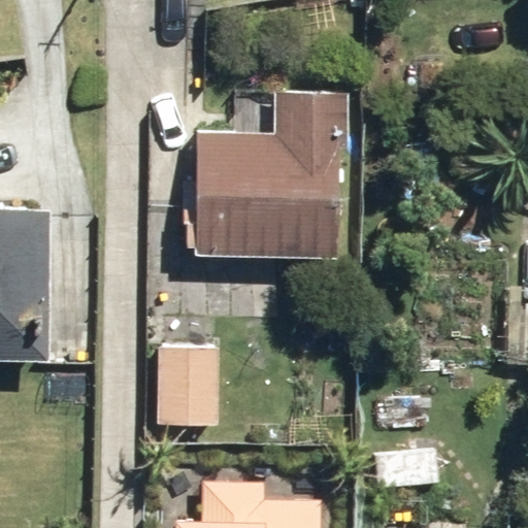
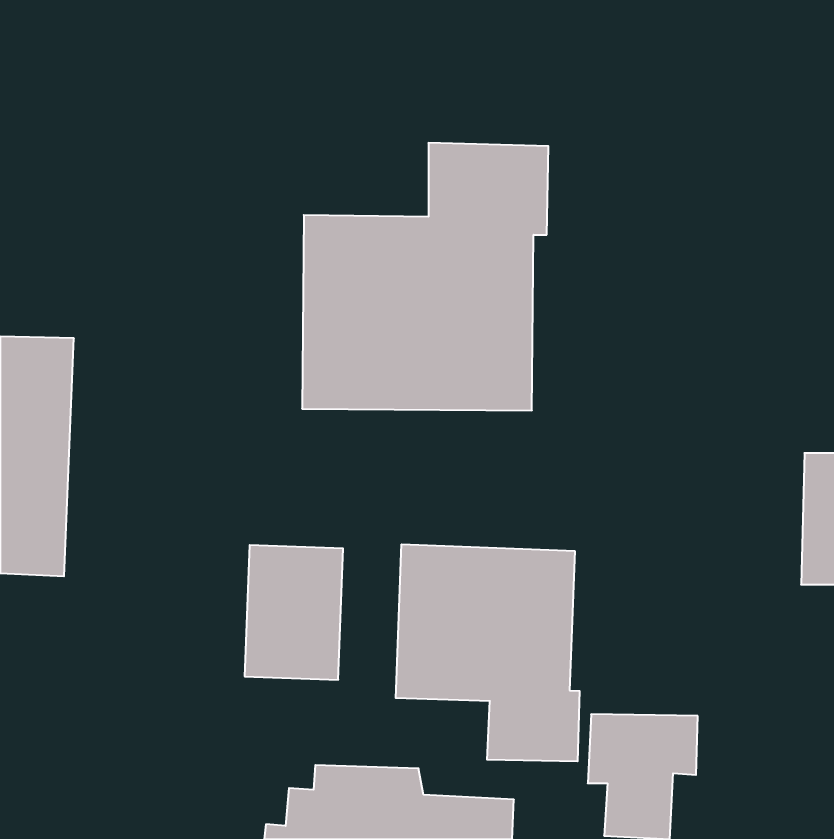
building: none -> [396,544,580,761]

